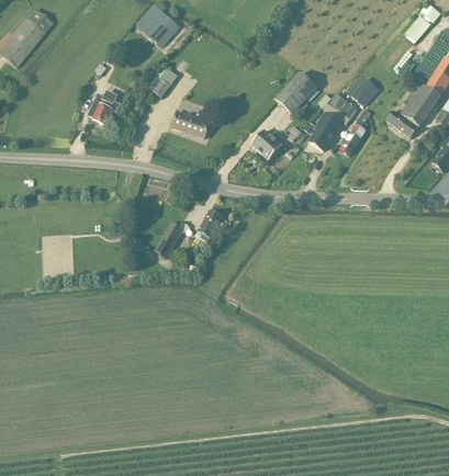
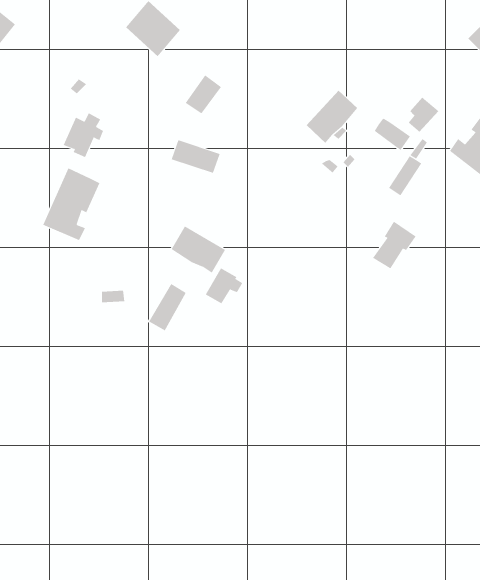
building: [149,65,178,95] -> [185,74,222,114]
building: [310,111,344,148] -> [372,221,416,269]
building: [250,128,281,159] -> none
building: none -> [42,168,100,241]
building: none -> [171,225,226,274]

